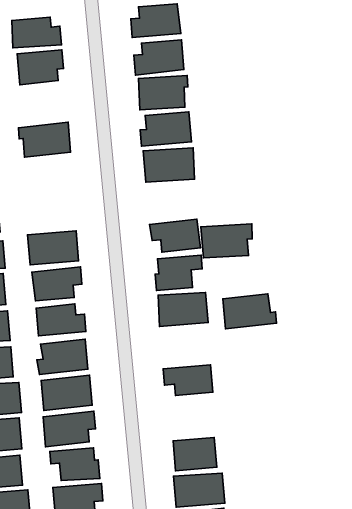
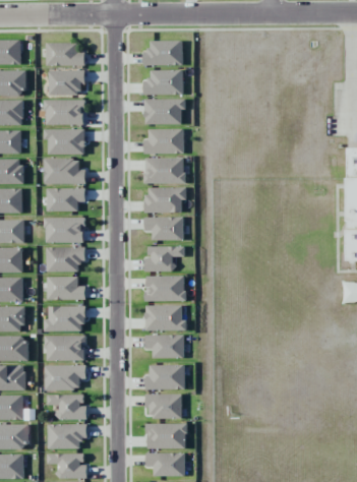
building: none -> [45,100,84,125]
building: none -> [44,159,86,184]
building: none -> [47,188,85,212]
building: [201,224,252,258] -> [145,187,187,214]
building: [223,294,276,329] -> [145,305,187,330]
building: none -> [145,365,185,389]

